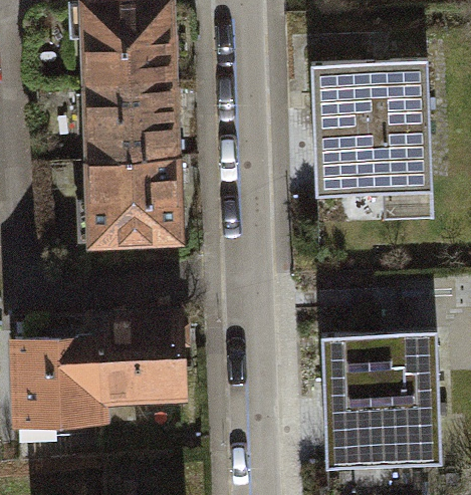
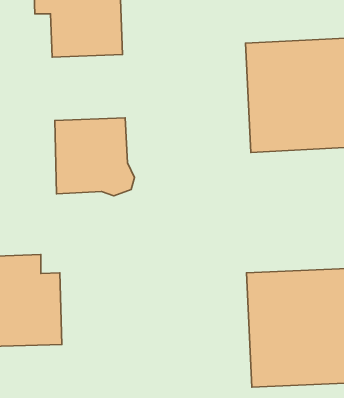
building: [90,85,175,162] -> none
building: [98,315,186,422] -> none

